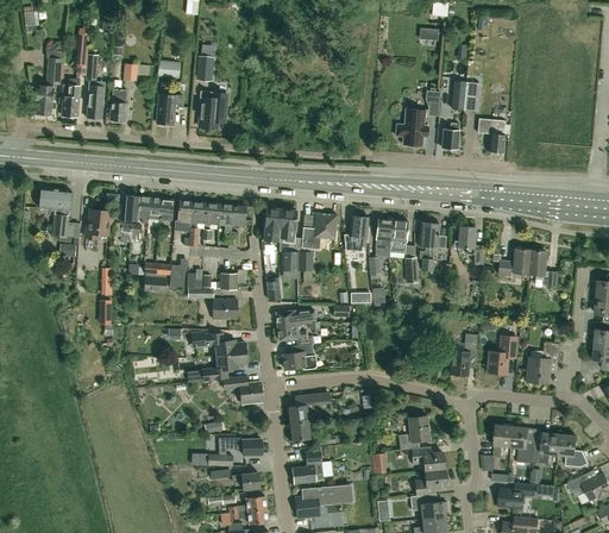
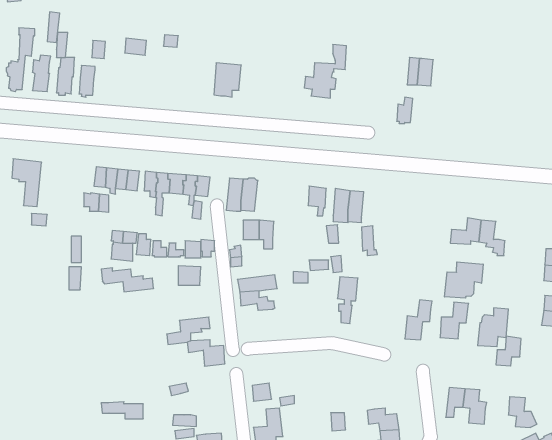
building: [395,90,439,146] -> [304,45,346,98]
building: [199,93,227,128] -> [214,63,241,97]
building: [157,94,183,125] -> none
building: [477,119,504,152] -> none
building: [84,208,112,238] -> none
building: [301,213,335,249] -> none
building: [417,222,439,271] -> [337,277,358,324]
building: [457,226,482,264] -> none
building: none -> [445,262,483,298]
building: [190,331,245,356] -> [101,268,154,292]
building: [282,344,316,369] -> none
building: [288,393,328,424] -> none
building: [398,416,428,451] -> none
building: [533,433,559,464] -> [496,336,521,366]
building: [218,437,262,454] -> [101,402,143,419]

